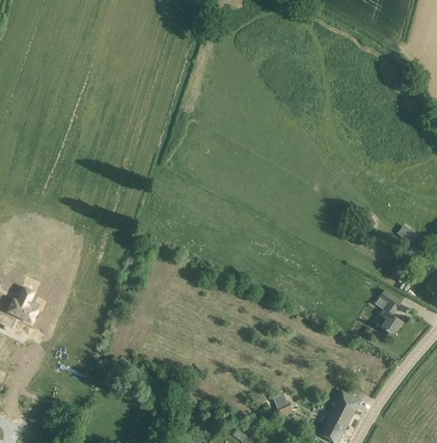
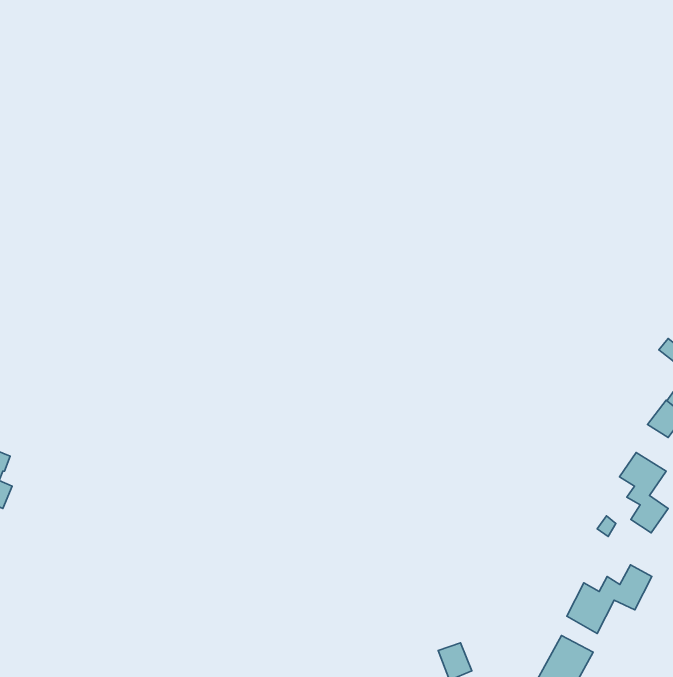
building: none -> [567,565,652,633]

